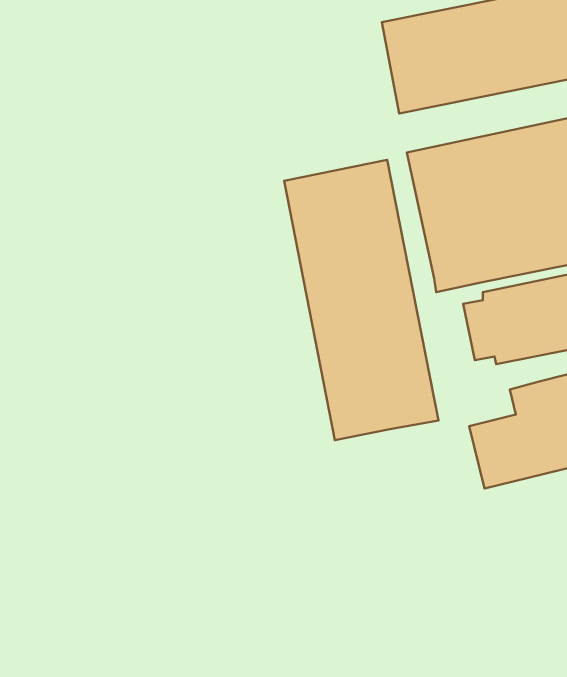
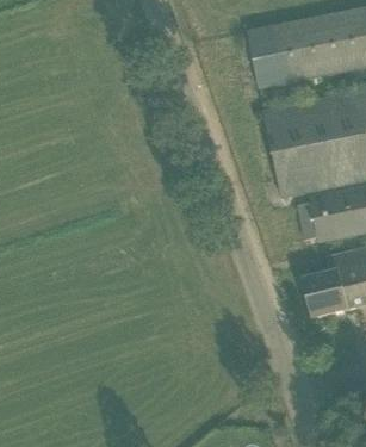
building: [284,160,439,440] -> none

